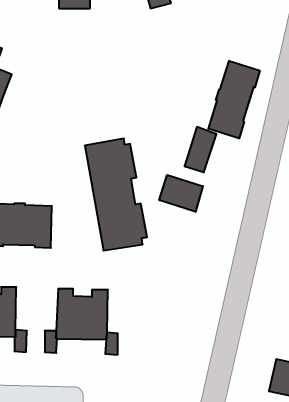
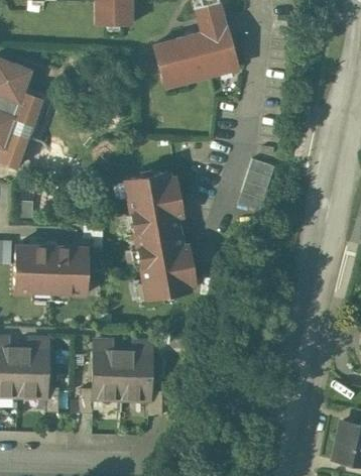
building: none -> [153,25,238,84]
building: [208,61,260,139] -> none
building: [159,175,203,212] -> none

